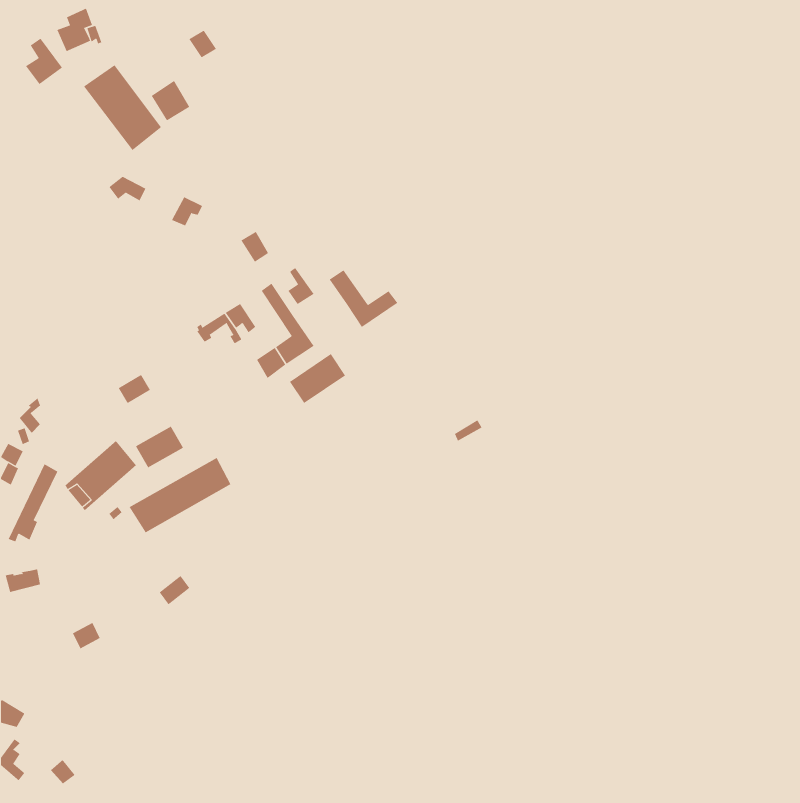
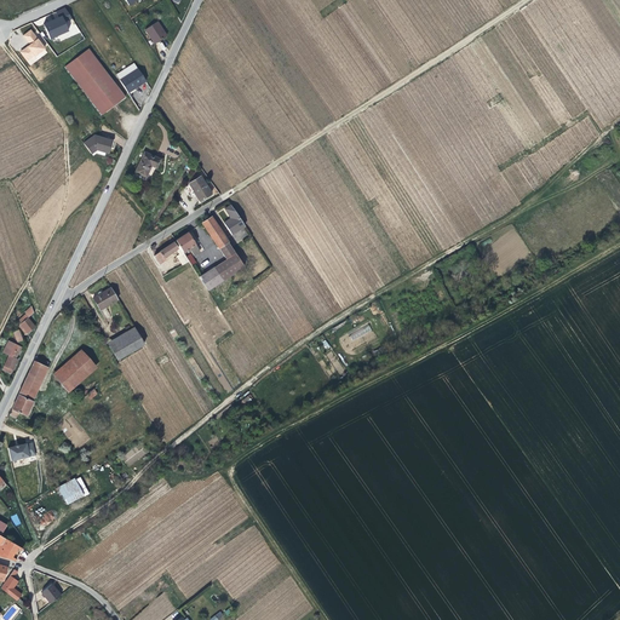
building: [329,270,398,328] -> none
building: [289,353,346,404] -> none
building: [129,457,231,533] -> none

